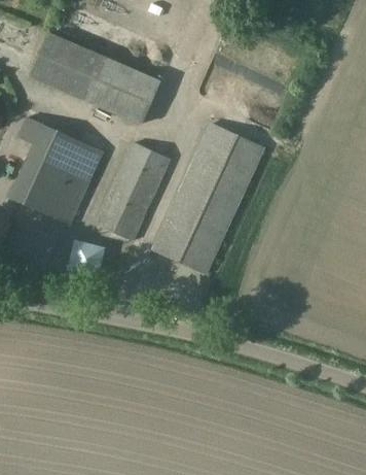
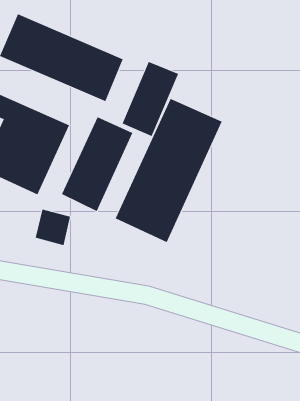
building: none -> [122,61,179,137]

